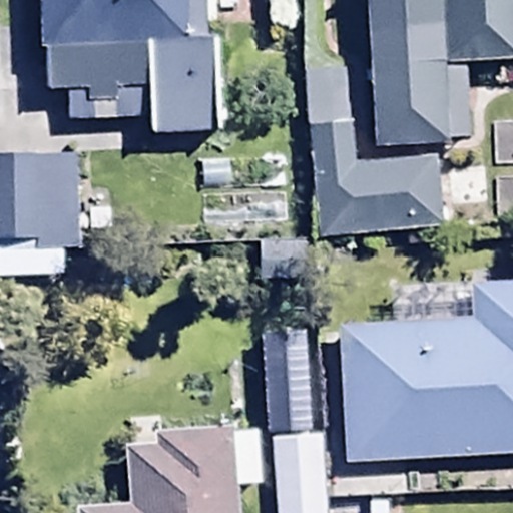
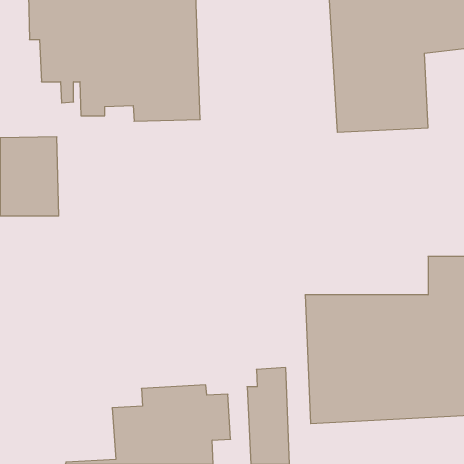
building: [306,119,446,238] -> none

